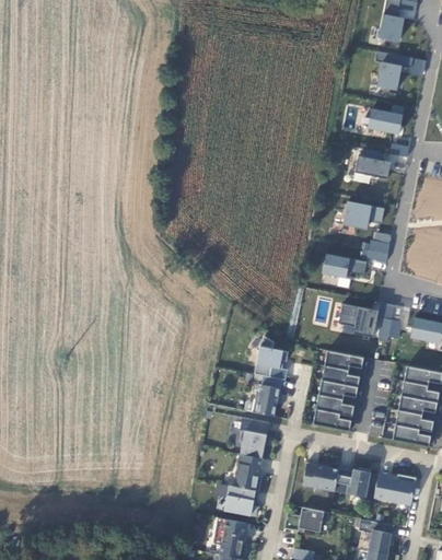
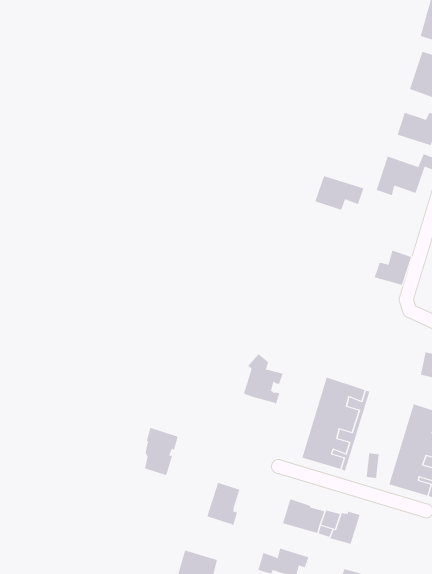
building: [341,200,384,230] -> [315,175,364,211]
building: [322,255,367,288] -> none
building: [339,304,405,339] -> none
building: [253,375,283,416] -> none
building: [240,417,268,458] -> [144,427,178,476]
building: [374,475,416,504] -> none
building: [224,485,258,516] -> none

